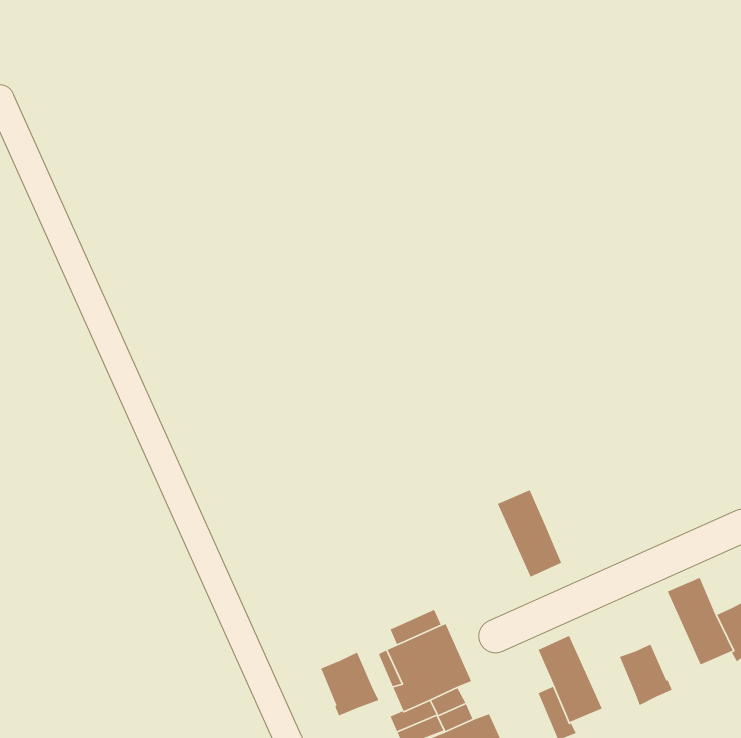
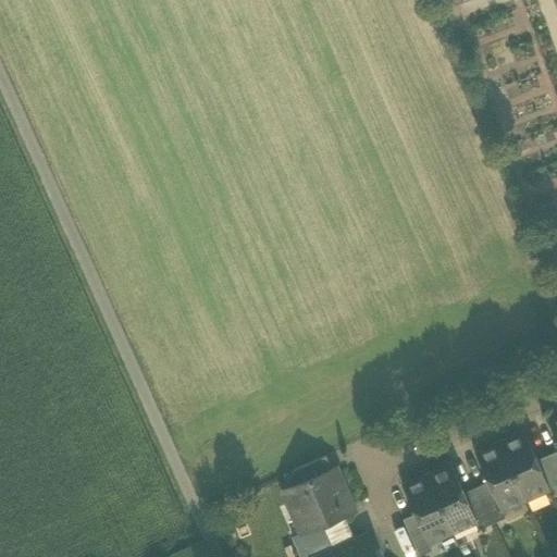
building: [497,489,562,578] -> [428,468,476,534]
building: none -> [476,446,525,512]
building: [320,651,379,716] -> none

